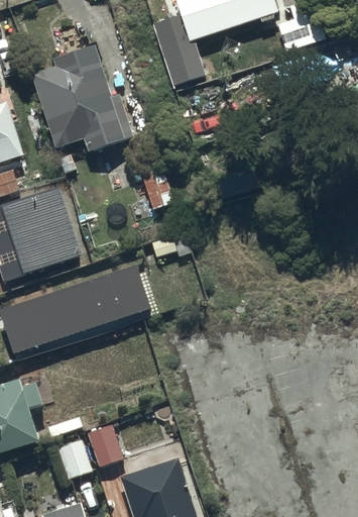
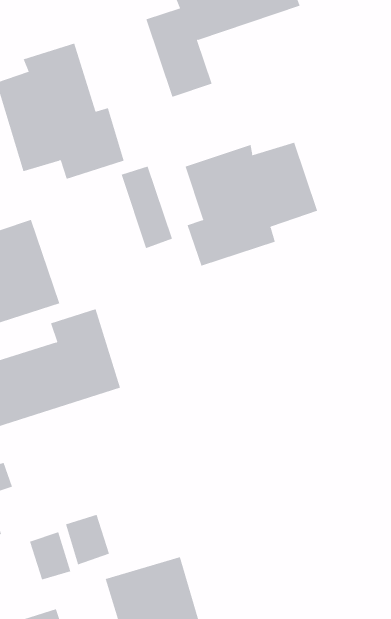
building: none -> [185,142,318,266]

